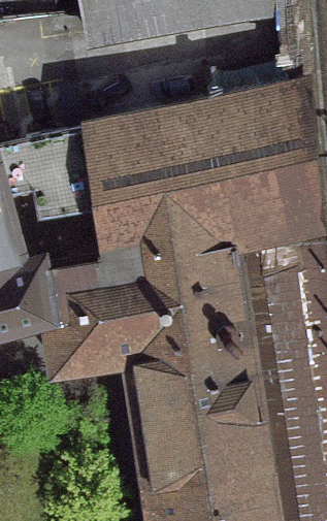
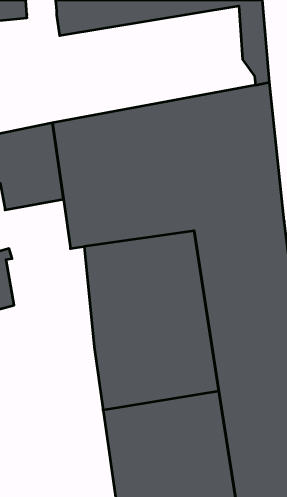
building: [32,259,124,373] -> none

